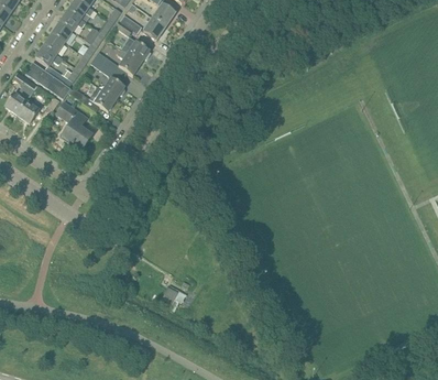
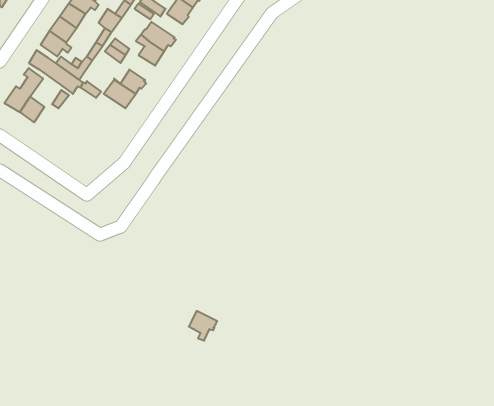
building: [57,100,91,149] -> none

